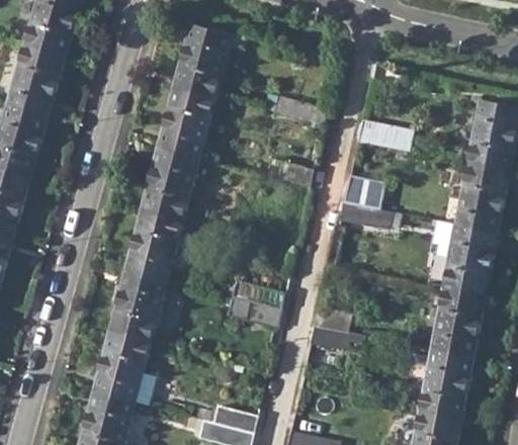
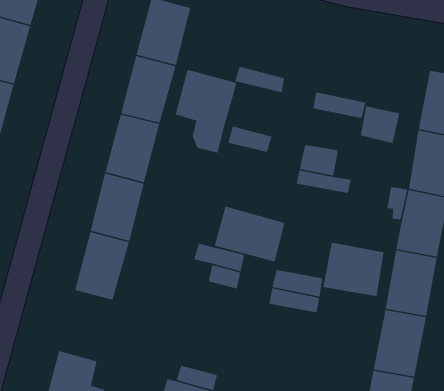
building: none -> [175,69,238,153]
building: none -> [360,105,400,144]
building: none -> [214,206,285,262]
building: none -> [322,242,385,297]
building: [92,329,149,402] -> none

